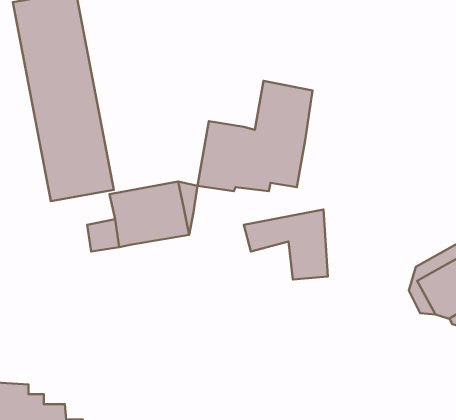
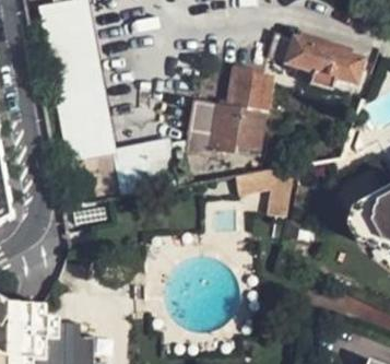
building: none -> [272,31,361,87]

